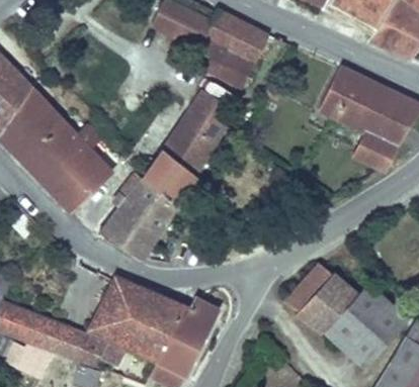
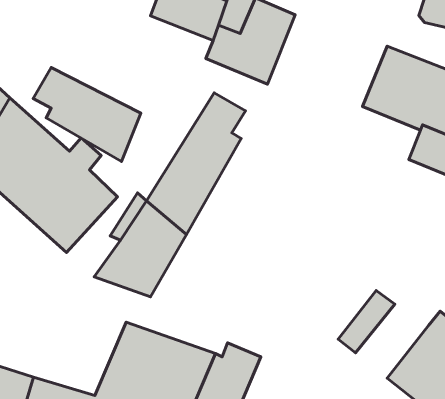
building: none -> [33,67,141,161]
building: [296,273,360,336] -> none

